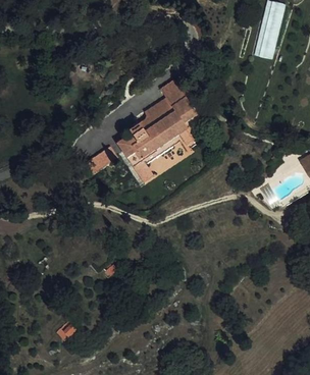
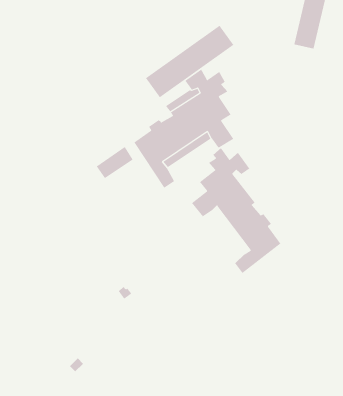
building: none -> [145,25,234,98]
building: none -> [191,147,281,274]

